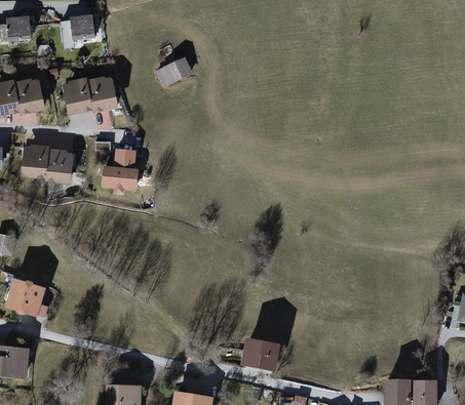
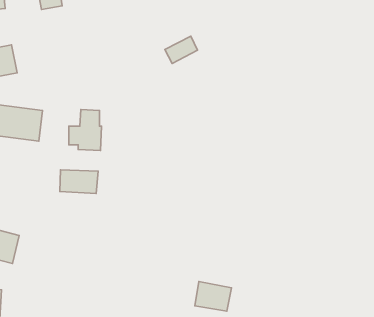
building: [155,56,191,86] -> [165,36,197,63]
building: [62,75,117,116] -> none
building: none -> [60,170,98,194]

